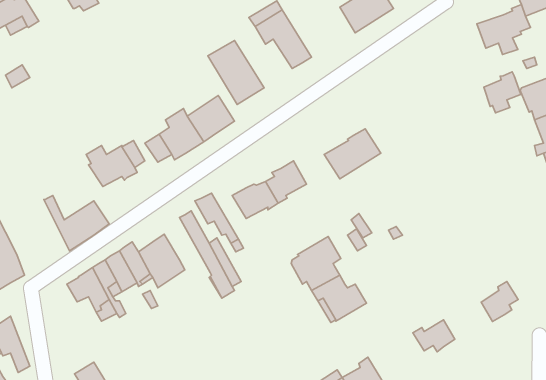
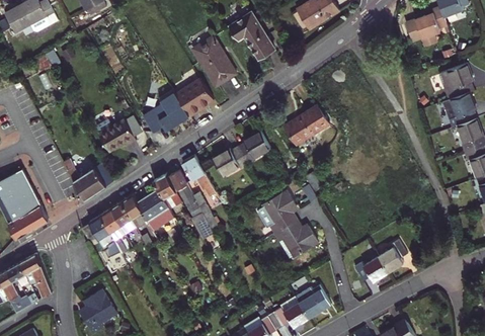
building: [484,72,521,113] -> none
building: none -> [153,173,181,208]
building: [481,282,518,321] -> [378,240,407,271]

